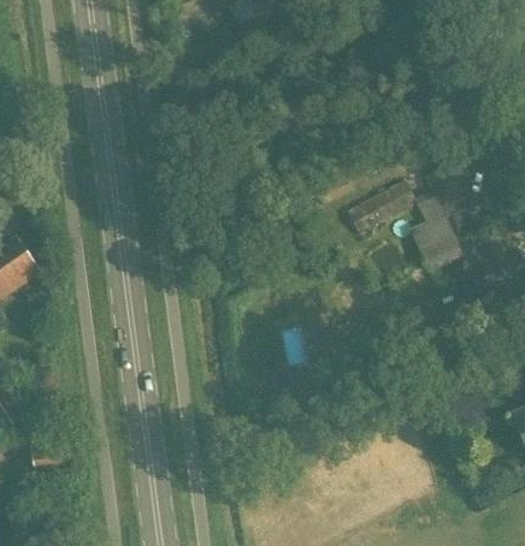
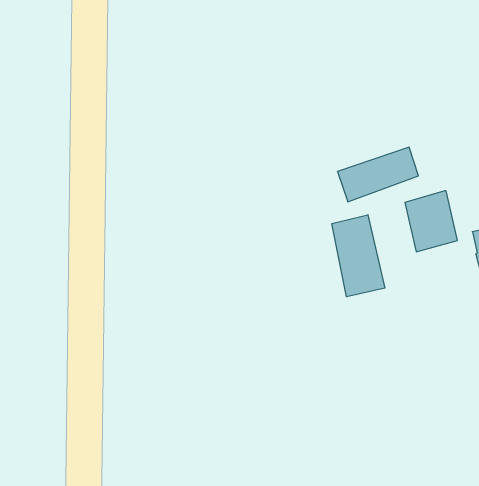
building: none -> [332,215,385,297]

